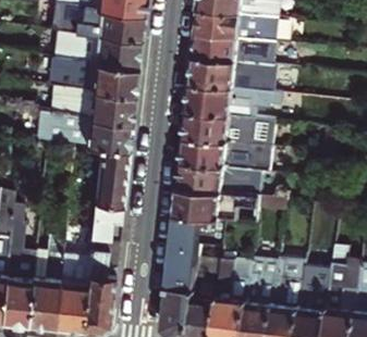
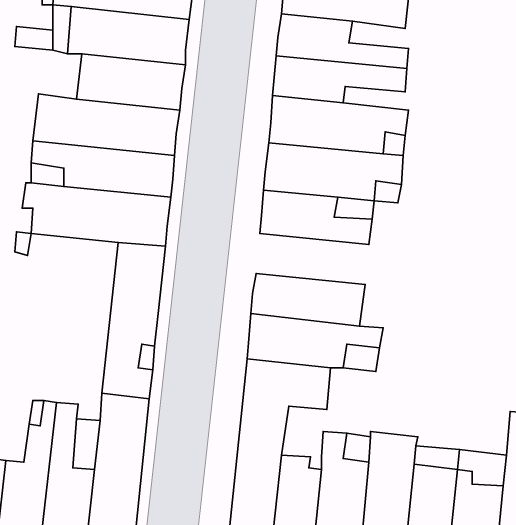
building: [184,141,272,174] -> none

